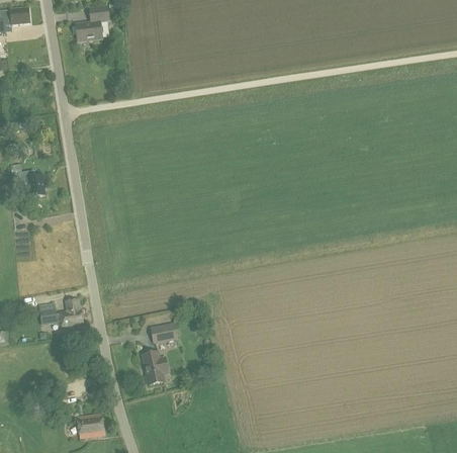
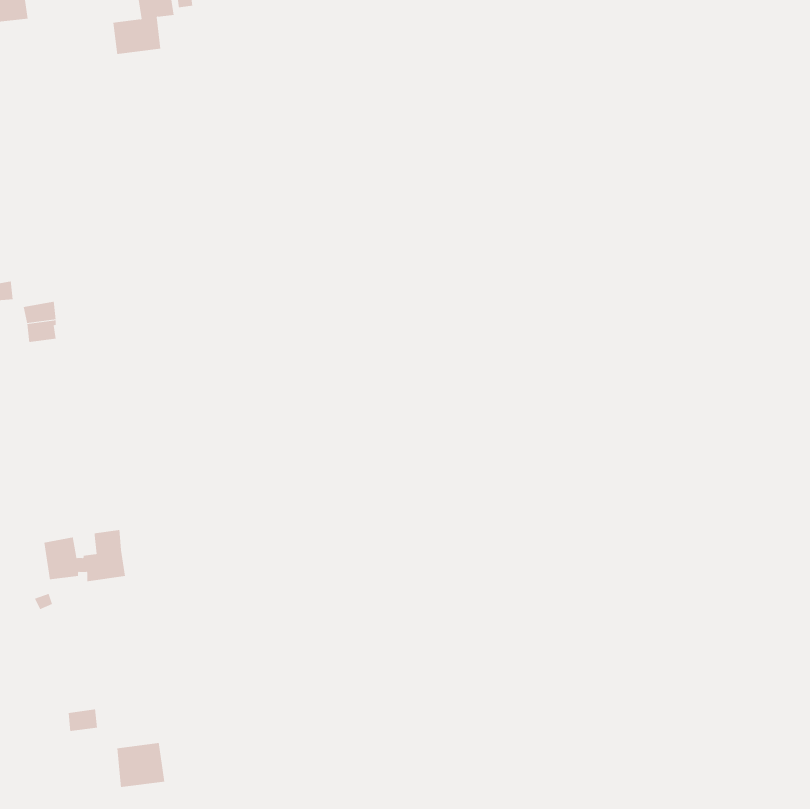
building: [149,322,178,343] -> none
building: [143,352,167,384] -> none

